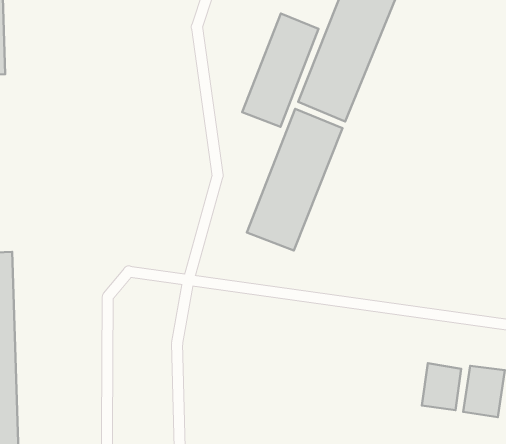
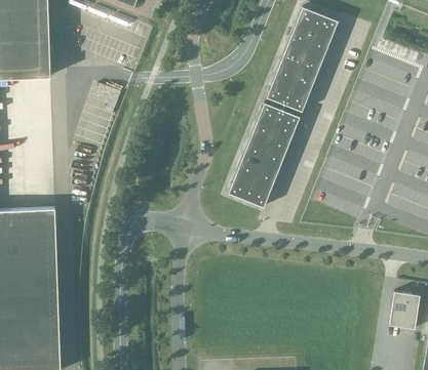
building: [242,14,318,127] -> none
building: [422,363,461,410] -> none

